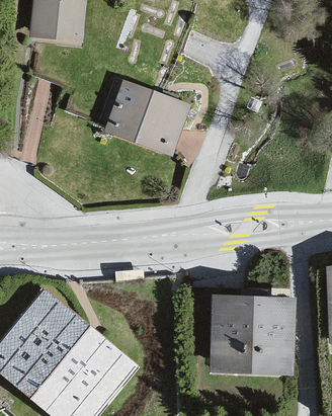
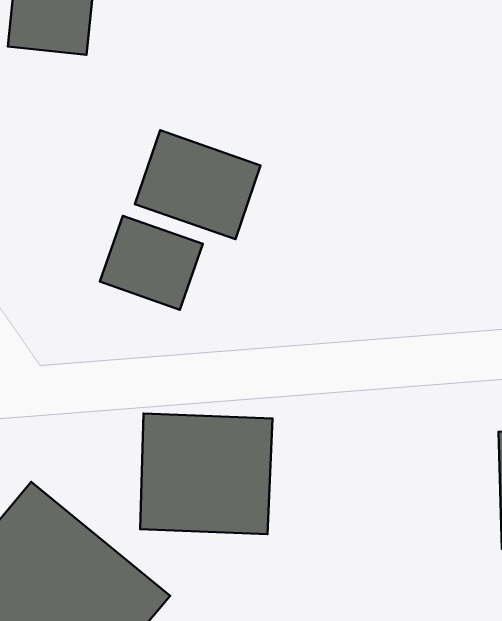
building: none -> [100,216,203,310]
building: [213,297,293,369] -> [140,414,272,534]

